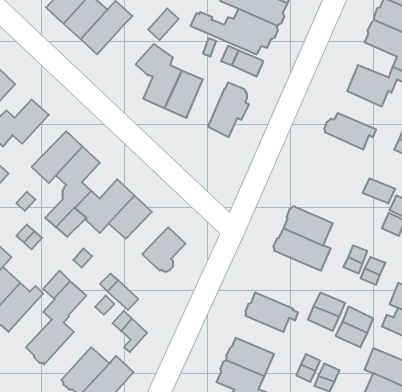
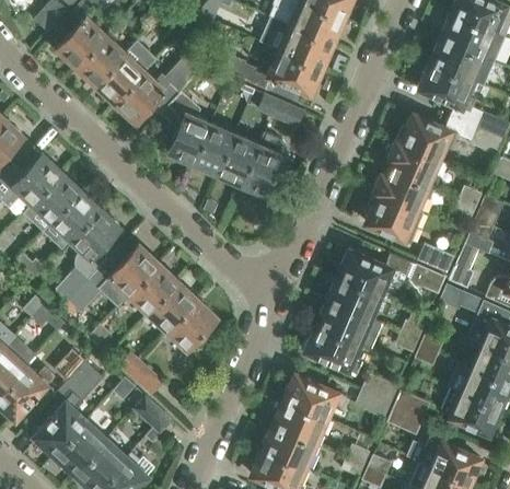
building: none -> [115,68,171,120]
building: none -> [217,130,259,184]
building: none -> [389,143,439,187]
building: none -> [22,171,80,230]
building: none -> [364,190,418,240]
building: none -> [337,249,445,294]
building: none -> [148,281,196,329]
building: none -> [305,325,361,372]
building: none -> [273,399,327,443]
building: none -> [55,418,108,473]

